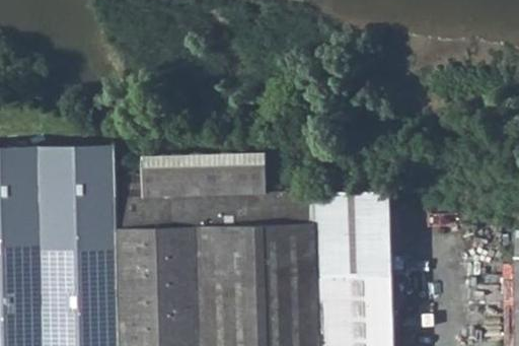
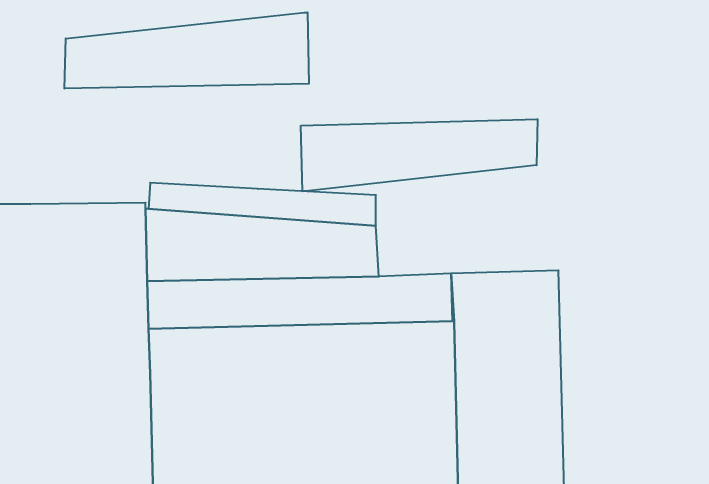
building: none -> [64,12,309,89]
building: none -> [301,119,537,191]

